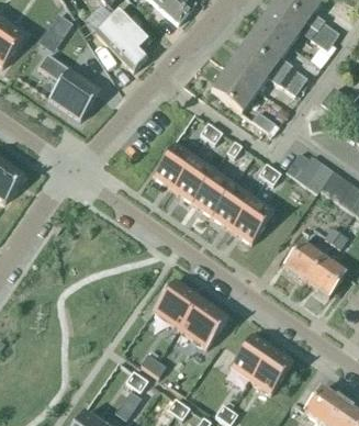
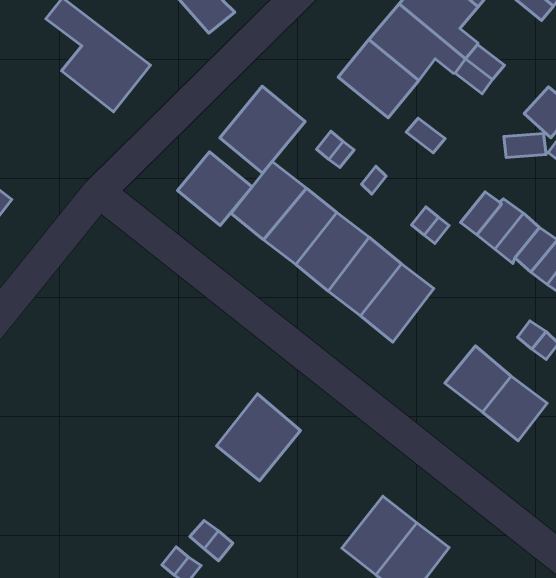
building: none -> [220,86,305,173]
building: none -> [178,152,252,226]
building: [180,298,229,347] -> none

